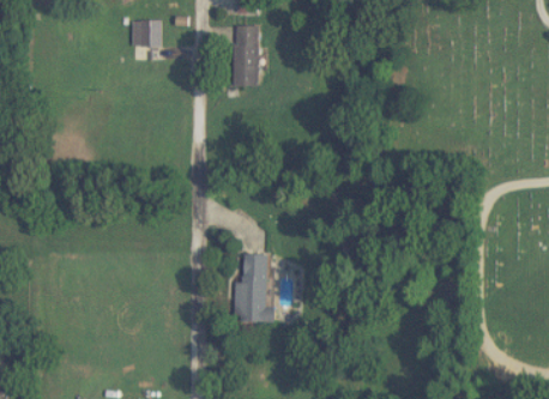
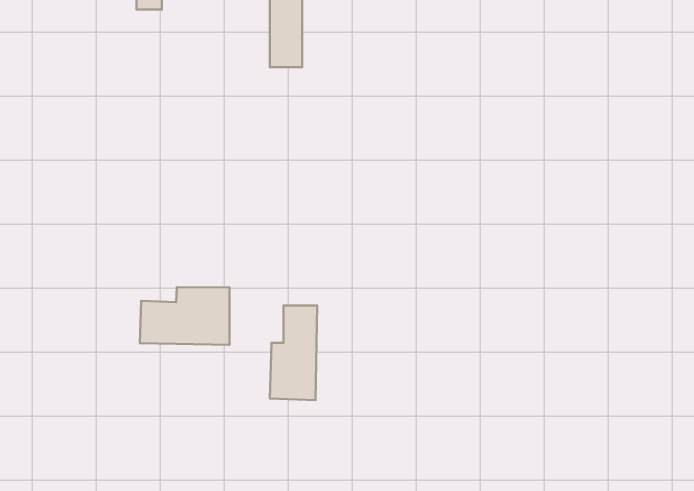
building: none -> [140,287,230,345]

